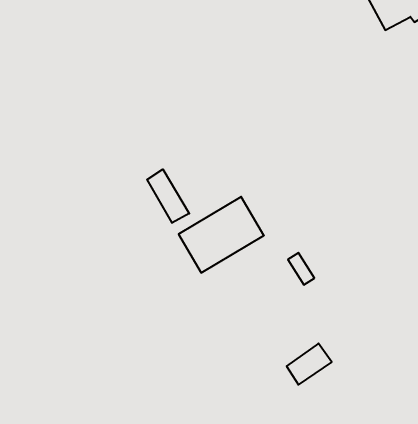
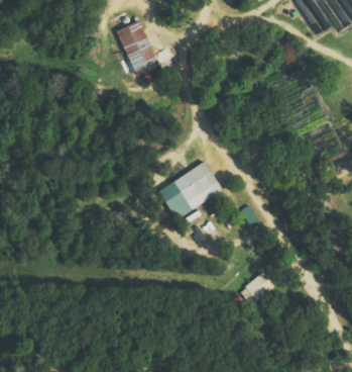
building: none -> [117,19,158,74]
building: [147,169,189,223] -> none

